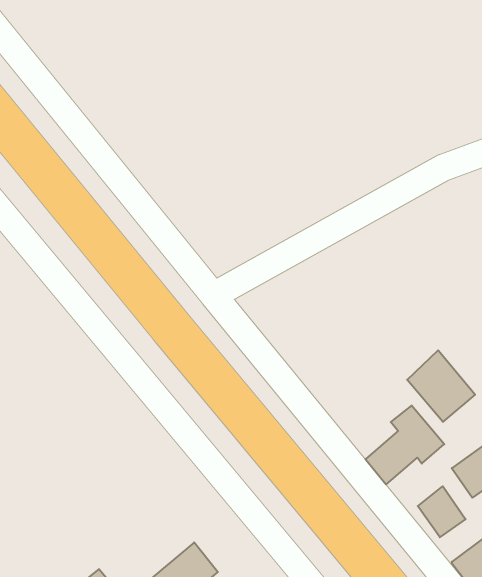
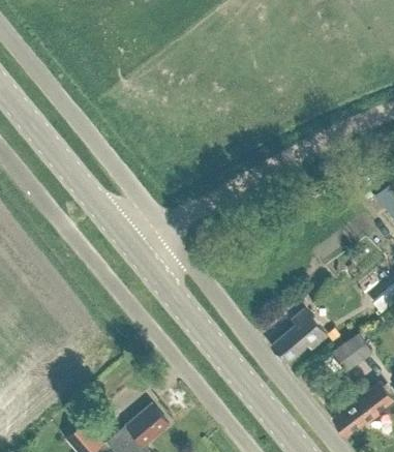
building: [407,350,475,422] -> none
building: [418,486,466,537] -> none

